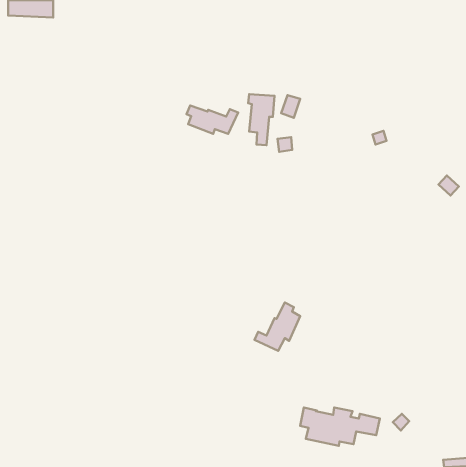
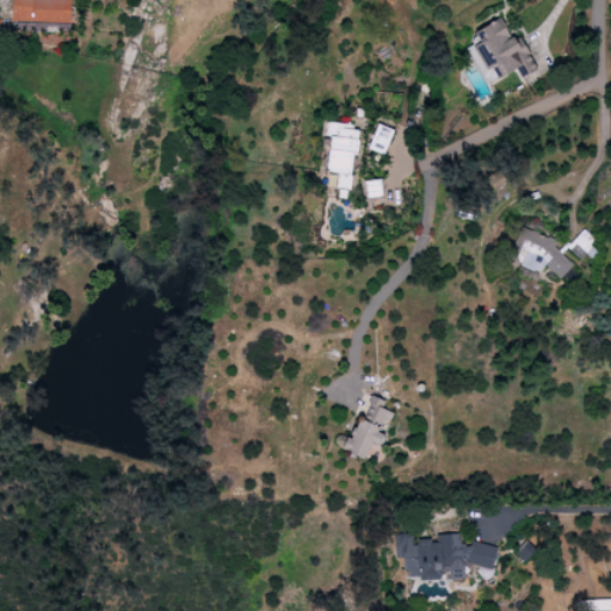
building: none -> [470,18,538,84]
building: [187,106,238,134] -> none
building: none -> [508,226,574,279]

